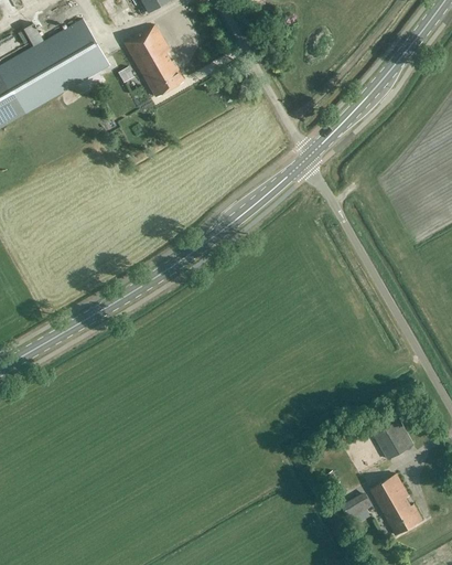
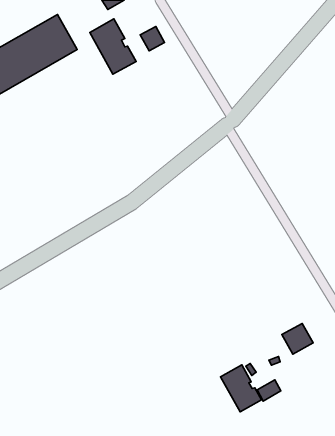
building: none -> [140,27,165,51]
building: [369,473,422,534] -> [221,365,262,412]

